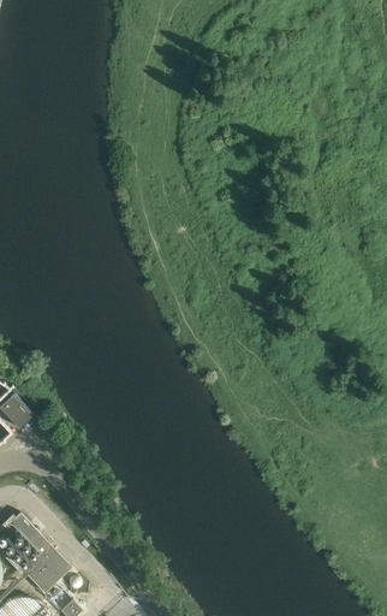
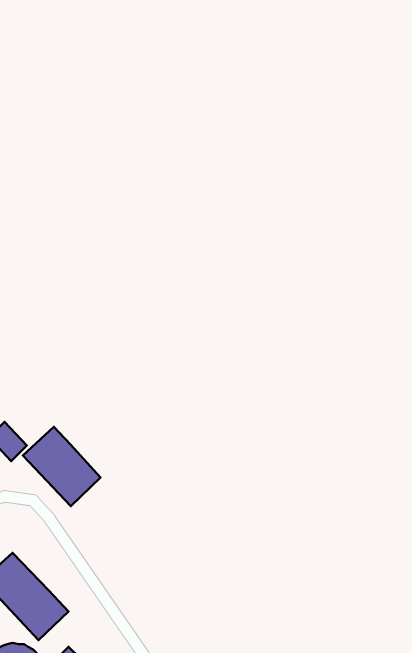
building: none -> [23,427,101,506]

